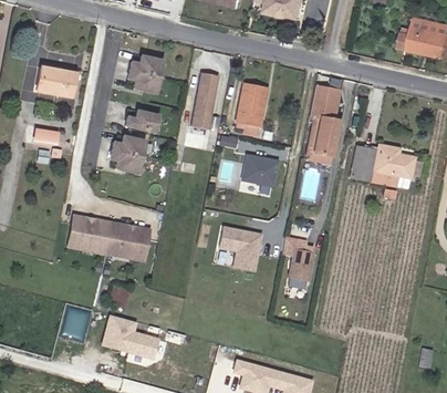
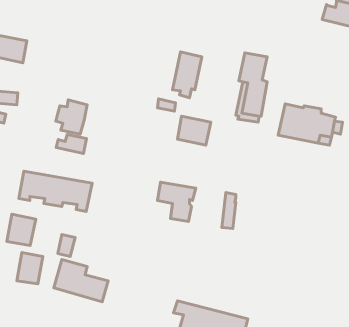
building: [125,58,159,95] -> none
building: [185,73,214,131] -> none
building: [122,113,155,134] -> [56,135,86,154]
building: none -> [7,214,36,245]

